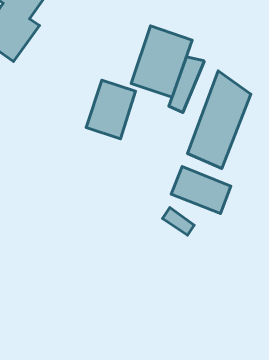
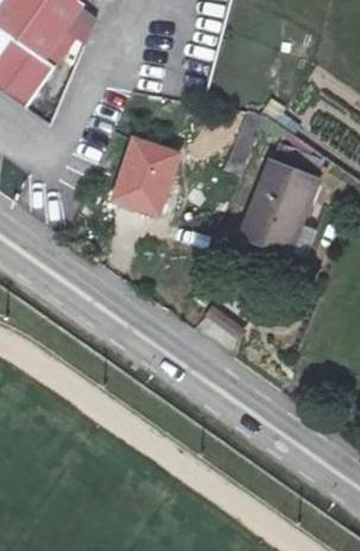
building: [131,26,192,97] -> none
building: [171,166,231,213] -> none

